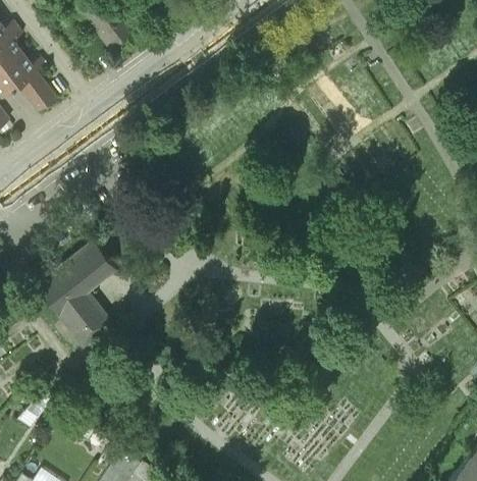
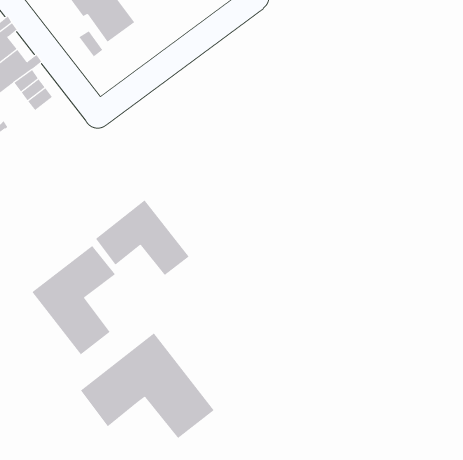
building: none -> [95,199,189,276]
building: none -> [80,332,215,439]

